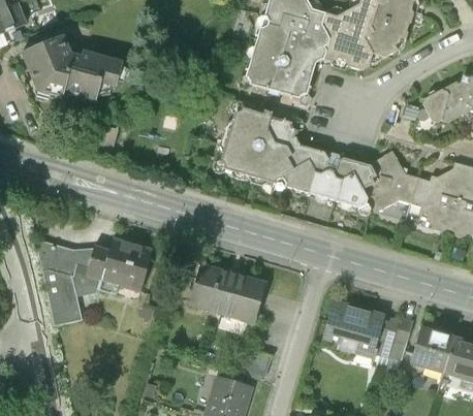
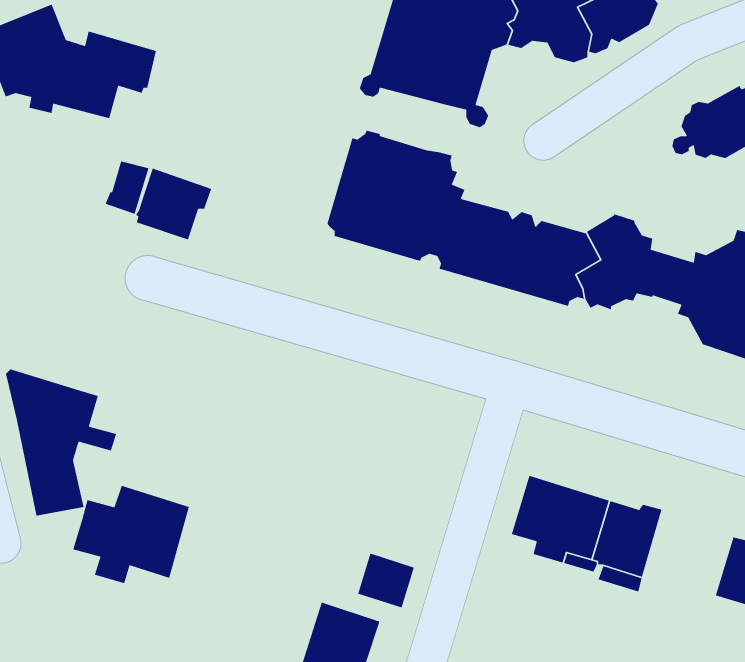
building: none -> [135,167,212,240]
building: [85,238,152,295] -> [72,485,190,584]
building: [189,263,265,322] -> none
building: [411,329,452,373] -> none

